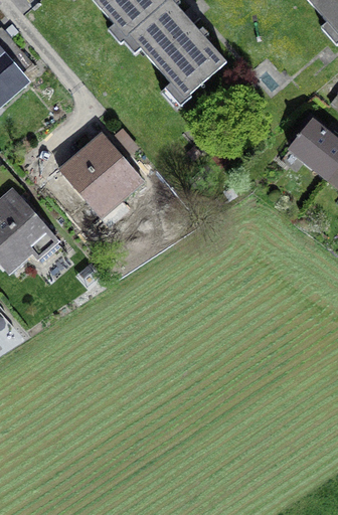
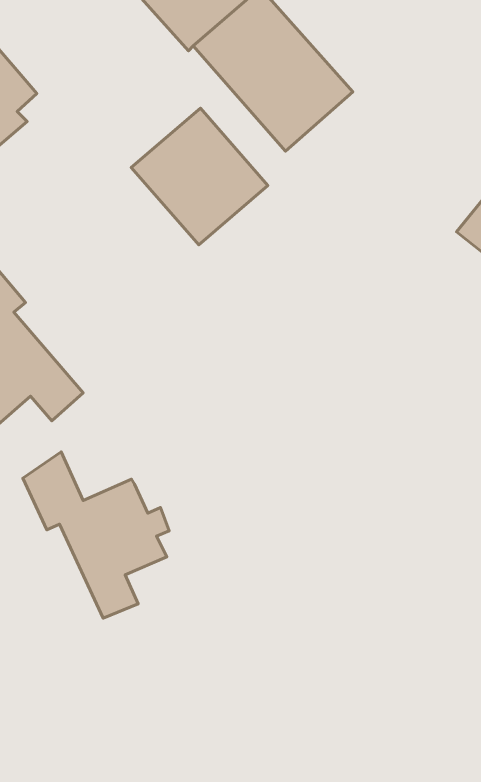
building: [59,134,143,217] -> [131,108,268,245]
building: none -> [23,452,169,618]

